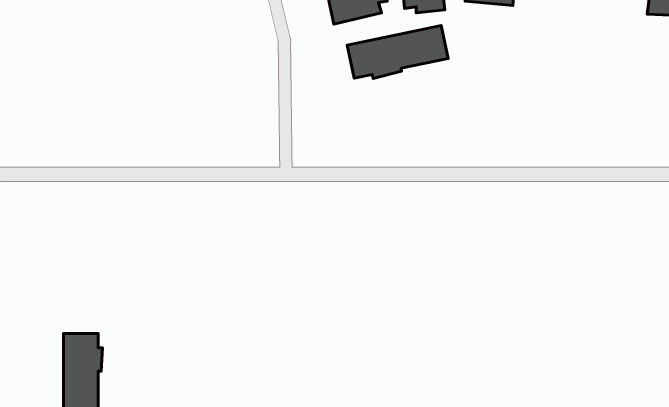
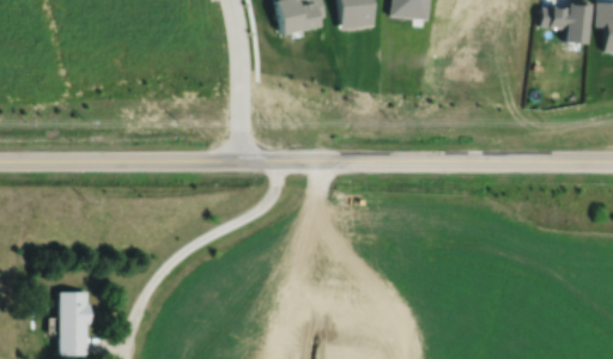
building: [347,25,448,79] -> none

